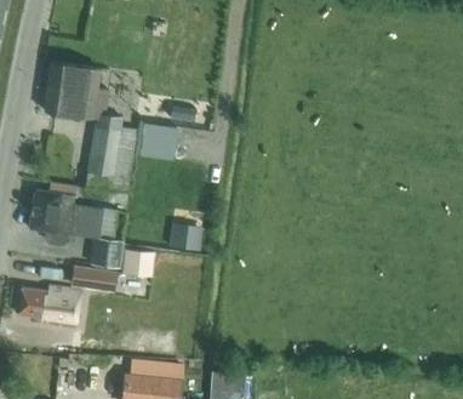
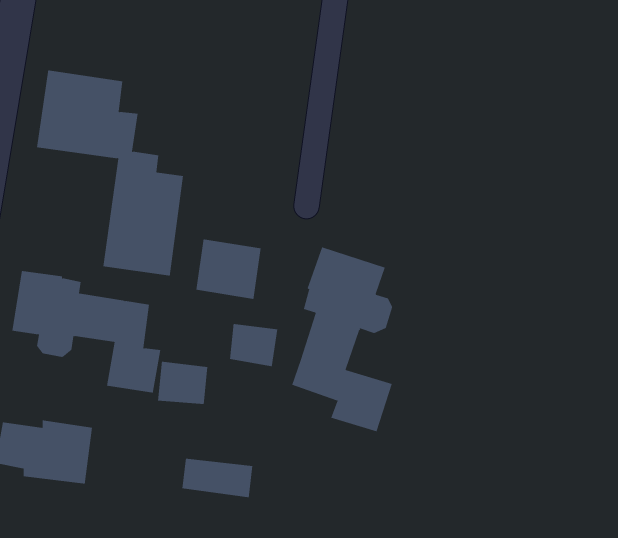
building: [137,122,179,161] -> [195,239,262,299]
building: none -> [292,247,393,432]
building: [72,266,118,291] -> [181,458,253,498]

